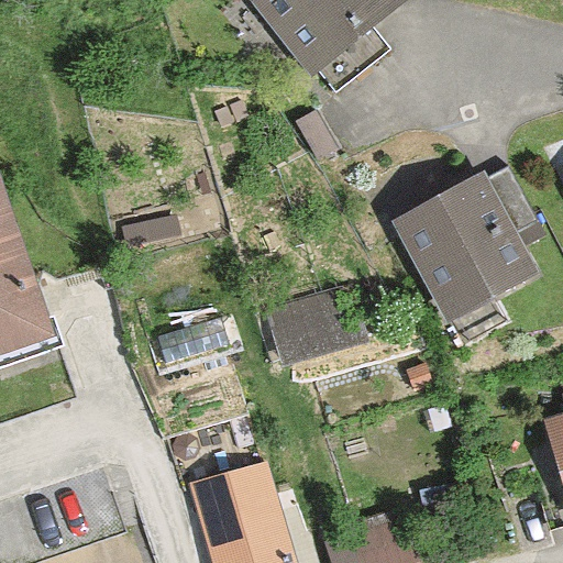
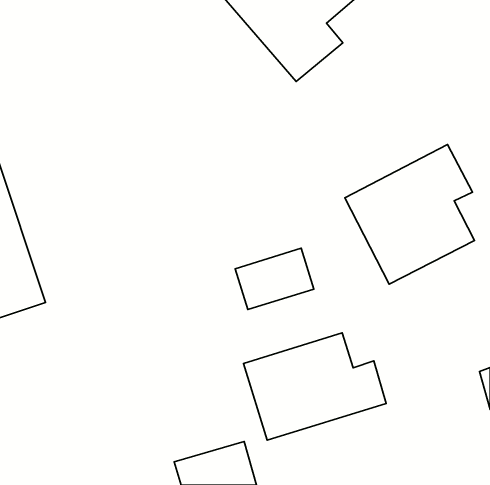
building: none -> [244,333,386,440]

